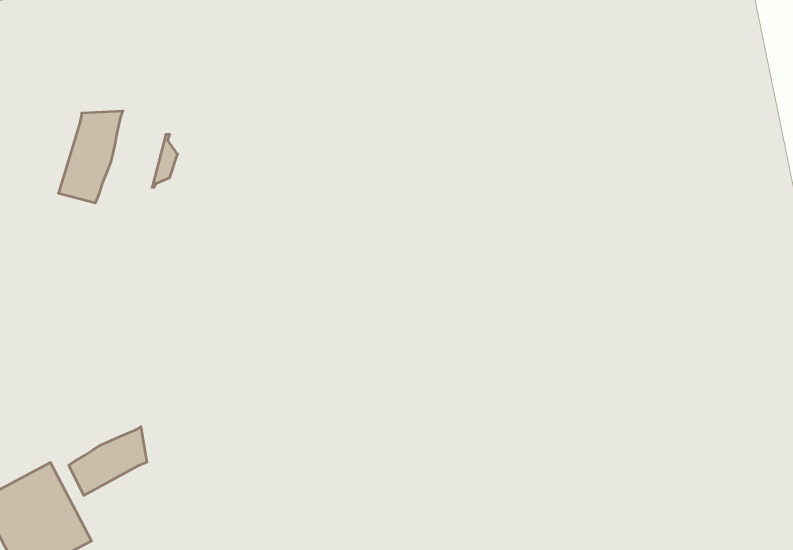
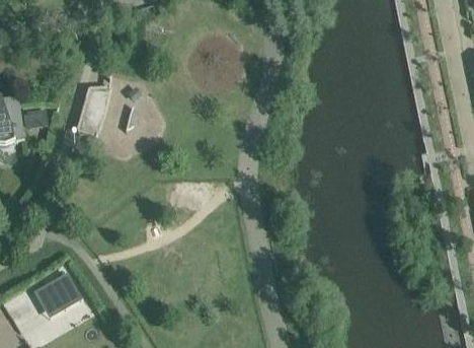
building: [69,427,147,495] -> none

